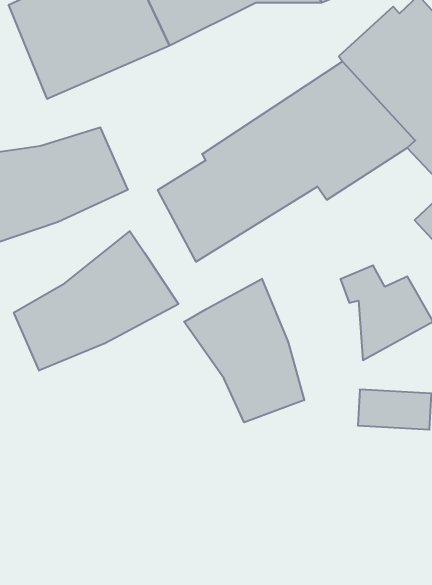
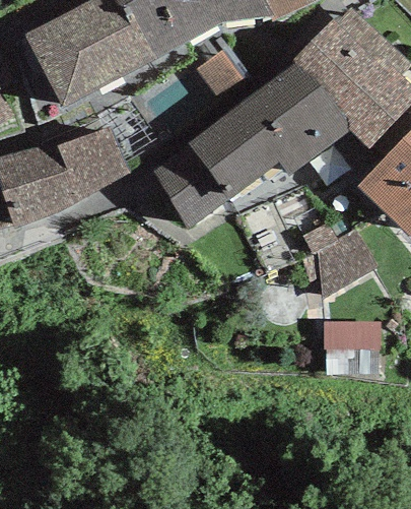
building: [14,231,178,371] -> none
building: [184,279,304,422] -> none

